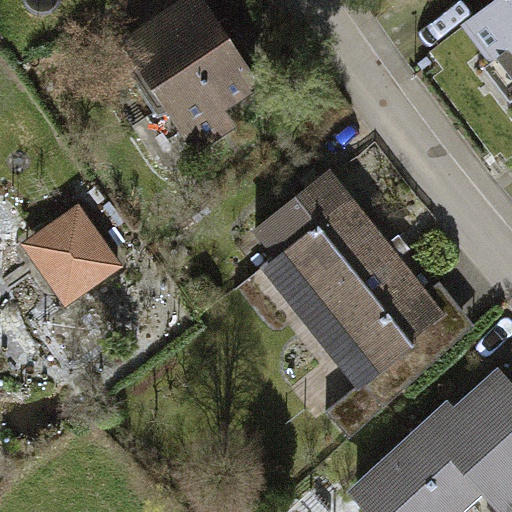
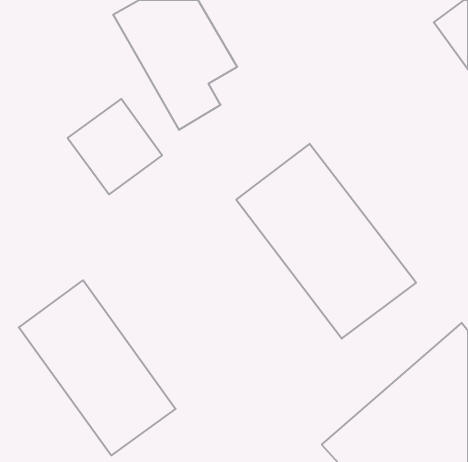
building: [14,218,116,321] -> [68,99,162,194]
building: none -> [19,280,176,455]

